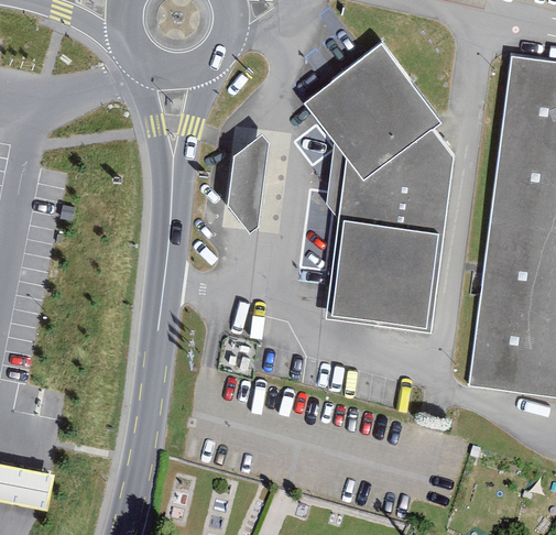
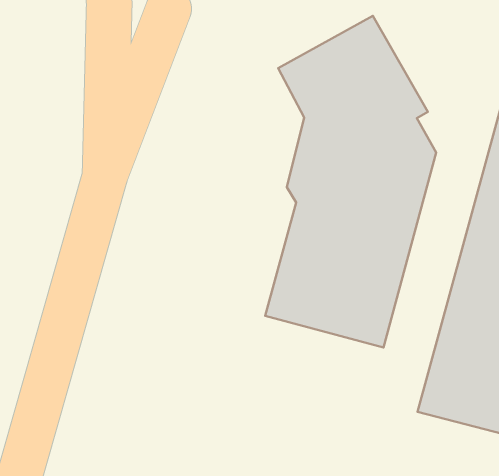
building: [228,132,269,231] -> none

